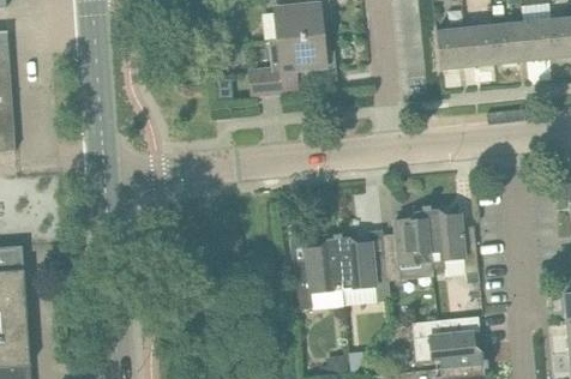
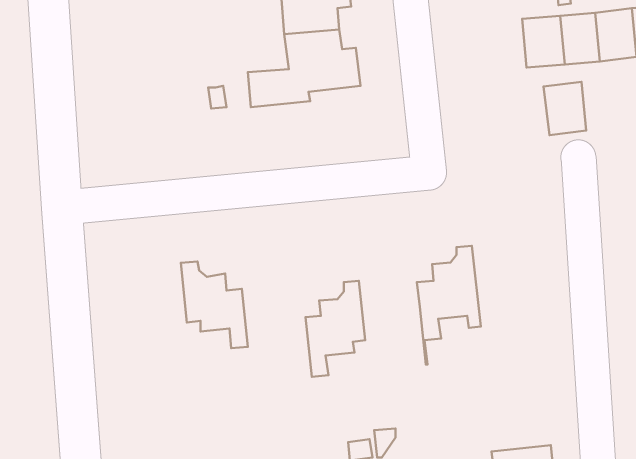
building: [434,28,468,70] -> [544,82,586,135]
building: [425,204,477,273] -> none
building: [336,233,389,301] -> [181,261,248,348]
building: [411,318,487,368] -> none

